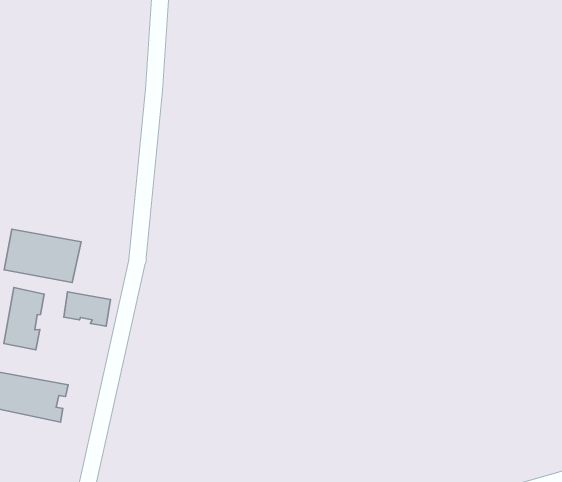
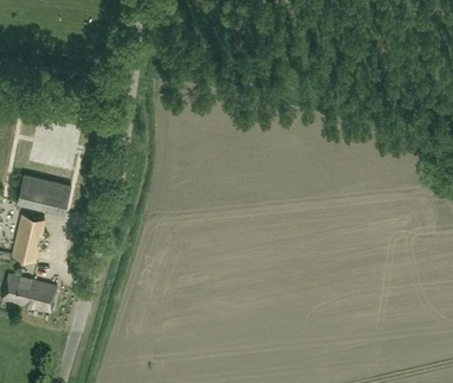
building: [64,292,110,326] -> none

